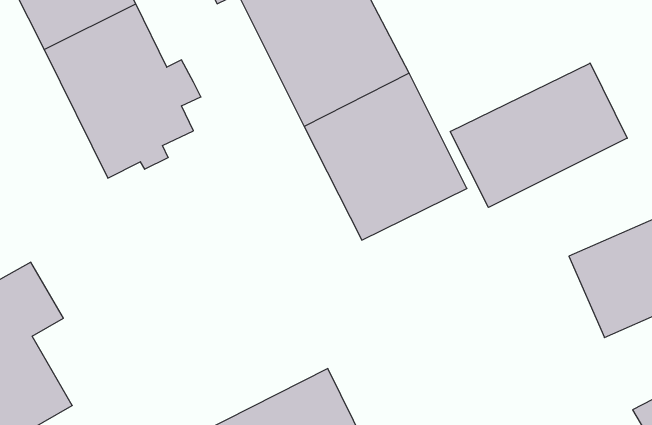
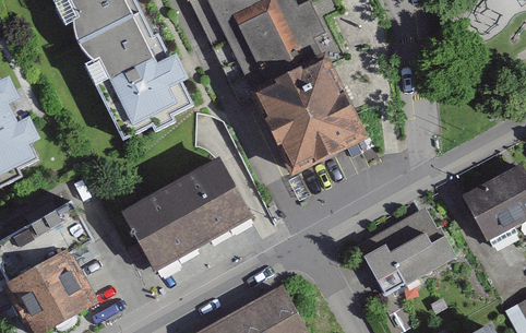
building: [450,63,627,207] -> none
building: none -> [118,158,249,274]
building: none -> [354,214,466,305]

